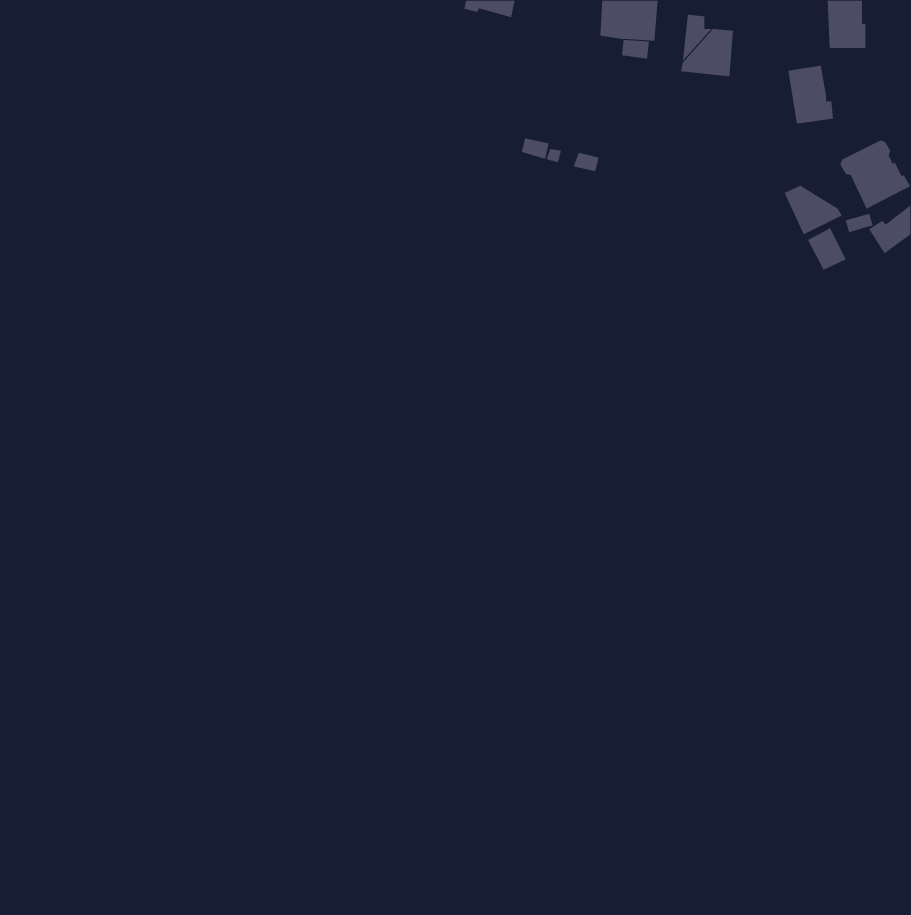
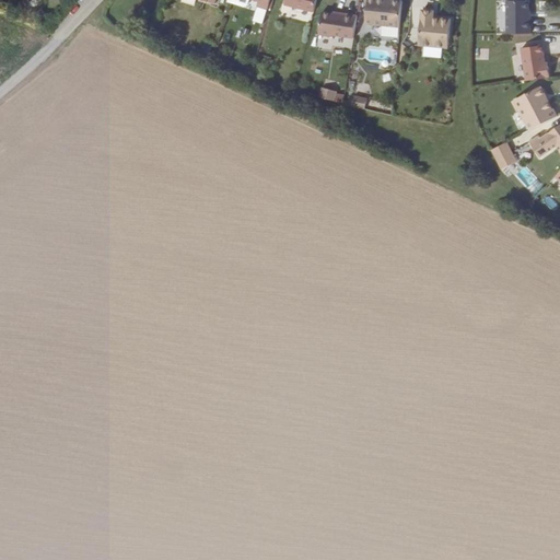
building: none -> [317,11,355,36]
building: [787,65,834,124] -> [521,42,549,78]
building: [784,185,842,235] -> none

